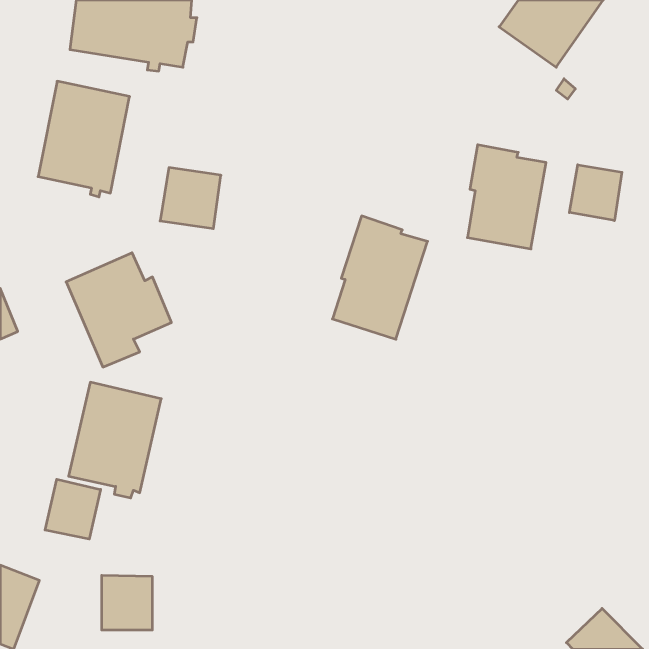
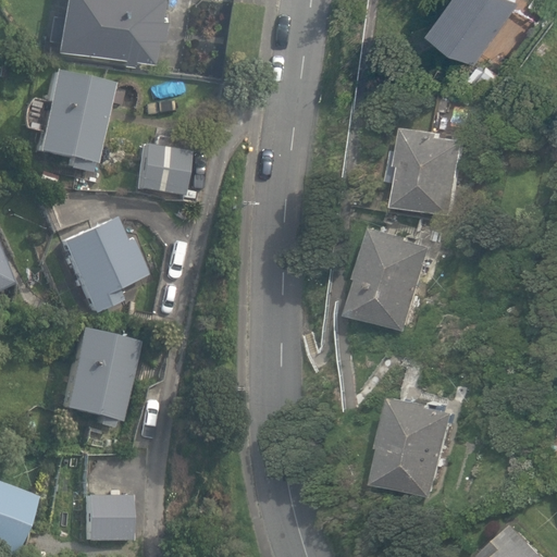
building: [569,165,622,221] -> none
building: [332,216,428,339] -> [355,223,436,329]
building: none -> [380,392,457,494]
building: [45,479,101,539] -> none

